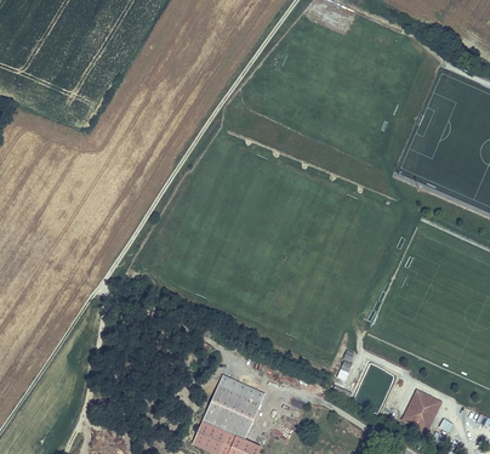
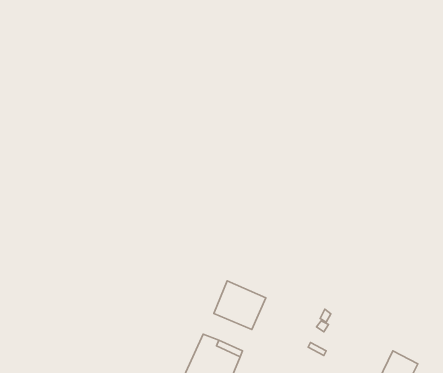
building: none -> [214,281,266,330]

